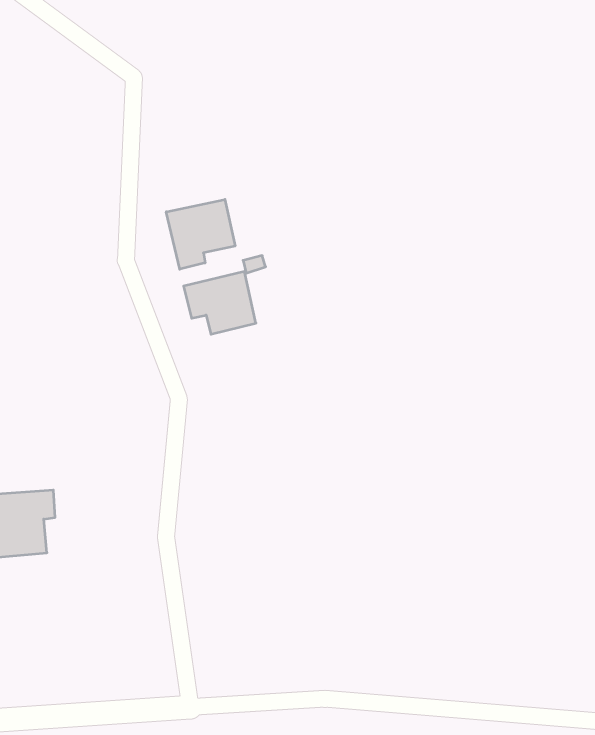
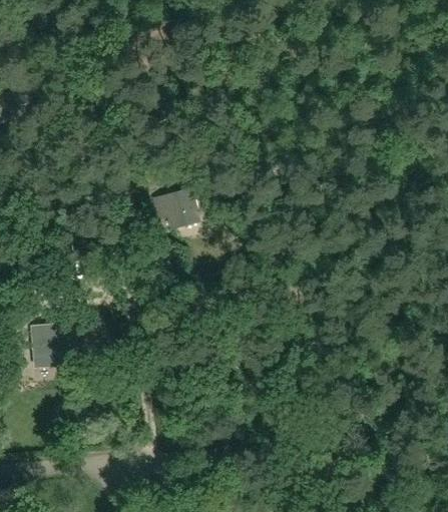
building: [166,199,235,269] -> none

